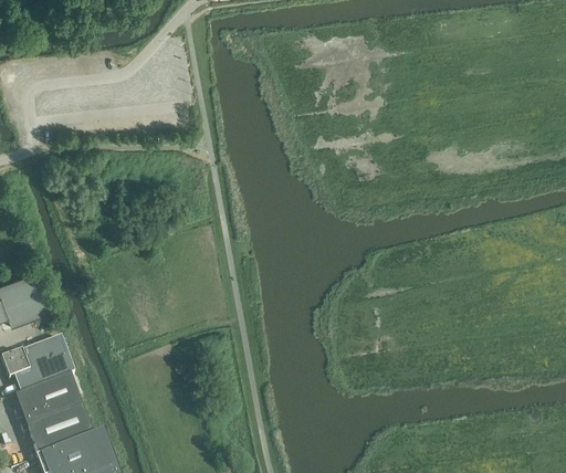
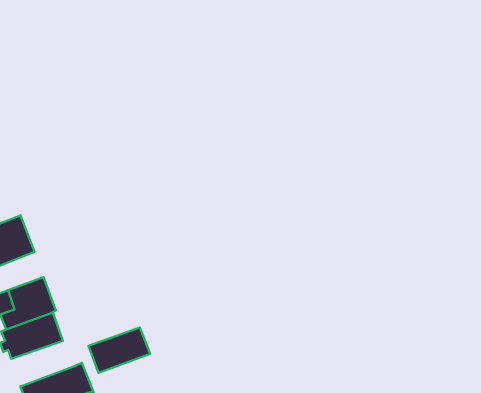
building: [25,403,93,453] -> [88,328,150,373]

